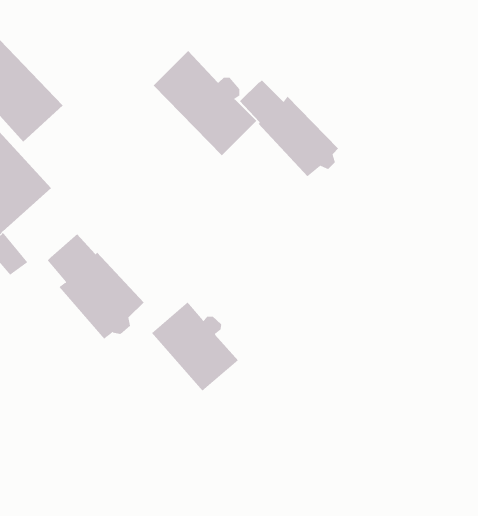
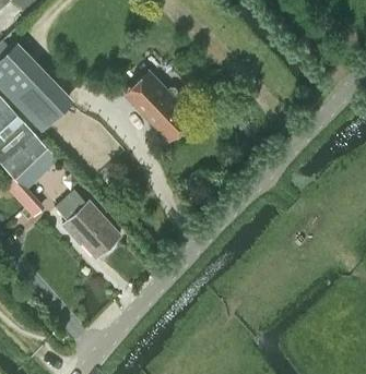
building: [239,80,339,177] -> none
building: [151,302,239,391] -> none

